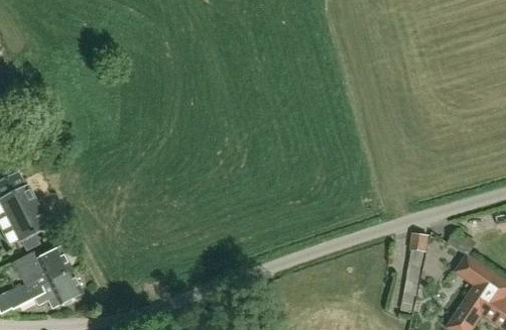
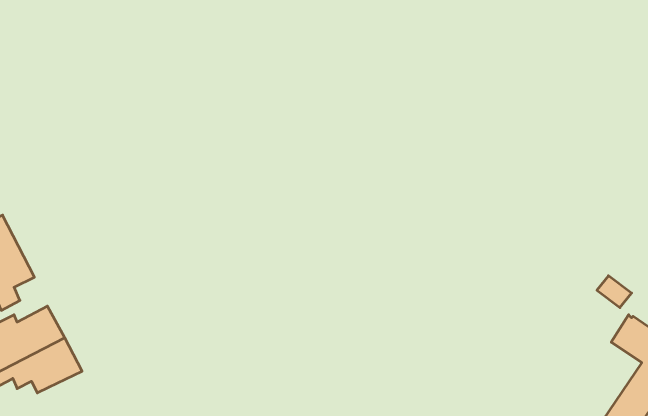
building: [400,233,429,312] -> none

